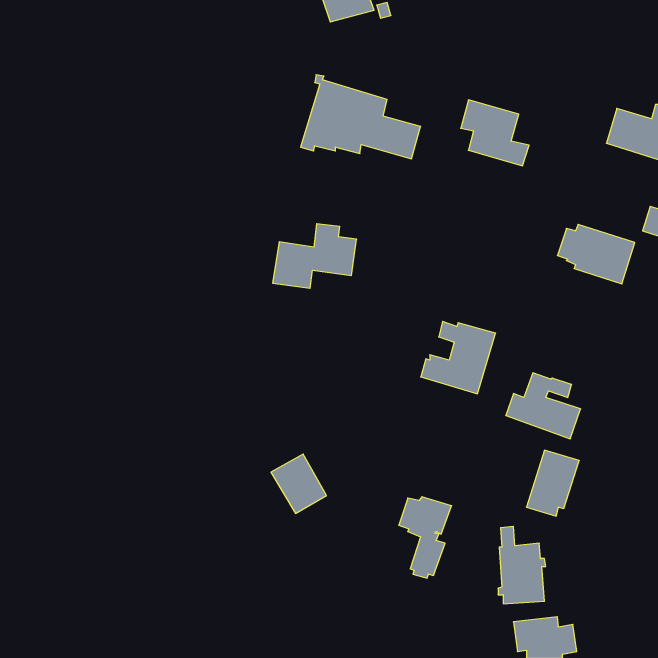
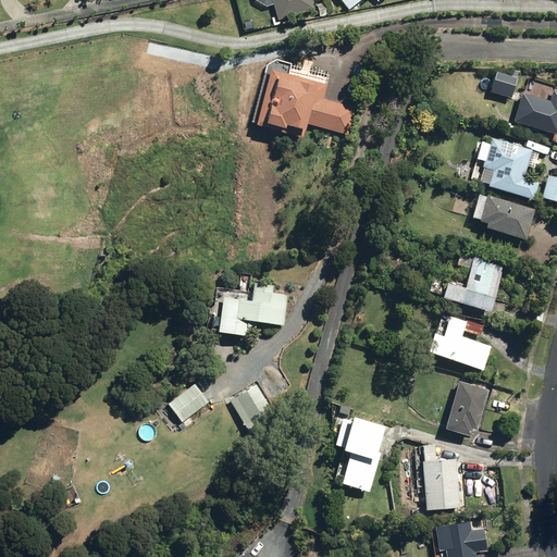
building: none -> [491,70,517,97]
building: [461,100,529,166] -> [482,143,540,198]
building: [273,224,357,288] -> [216,281,287,335]
building: [421,321,496,394] -> [442,250,505,311]
building: none -> [170,384,210,422]

